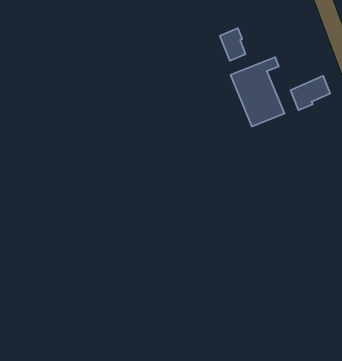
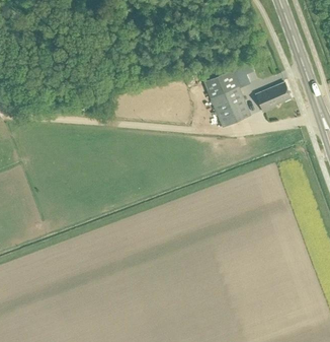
building: [220,28,246,61] -> none

